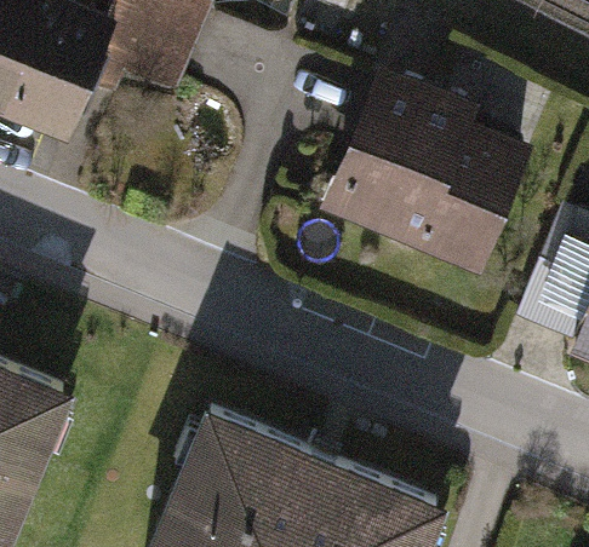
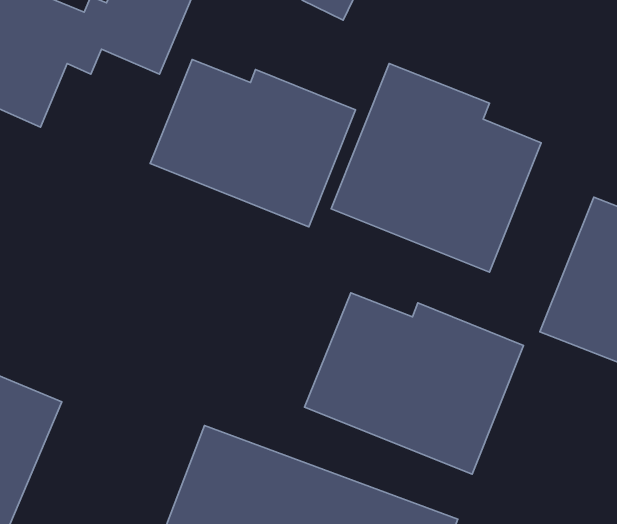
building: none -> [150,59,356,227]
building: none -> [305,293,524,474]

